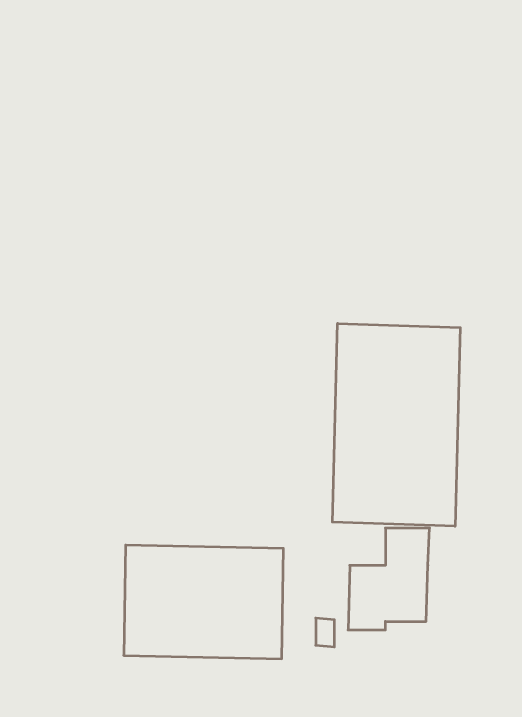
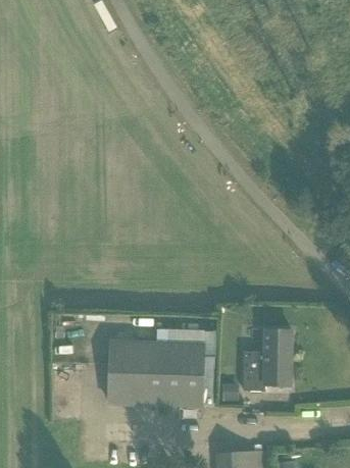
building: [332,323,460,526] -> none

